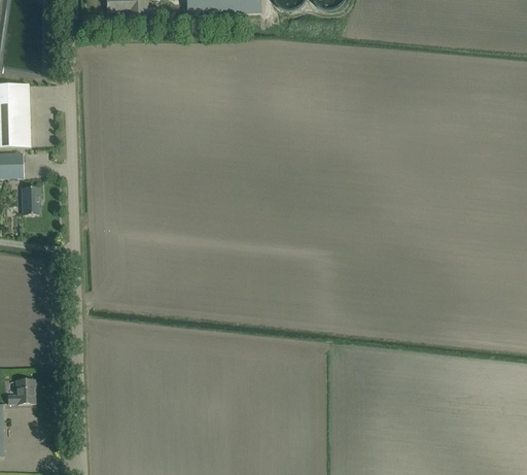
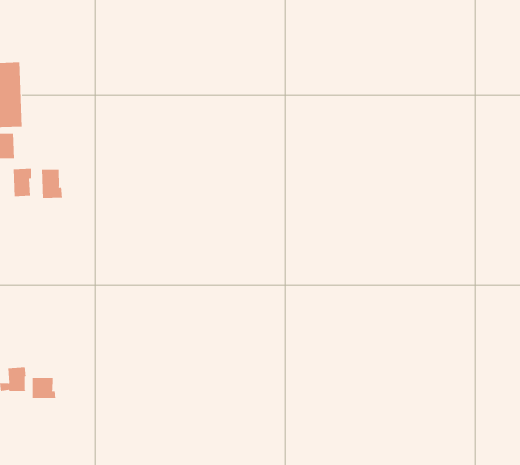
building: none -> [41,169,62,199]
building: none -> [32,377,56,399]

